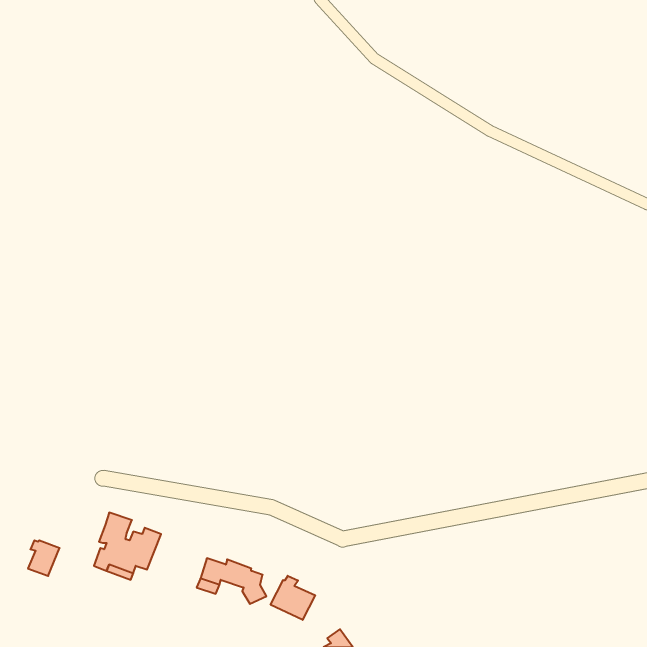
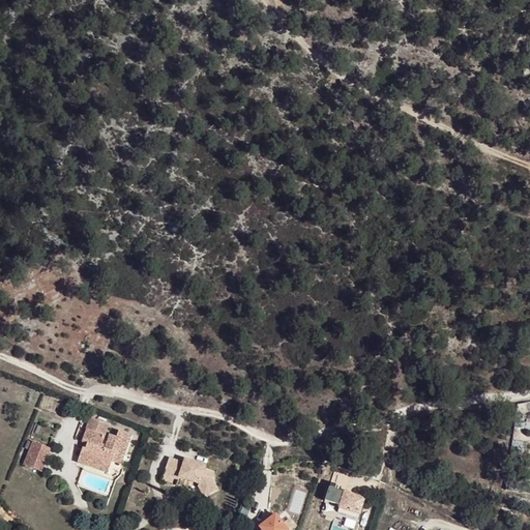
building: [271,576,315,620] -> none
building: none -> [327,482,366,519]

